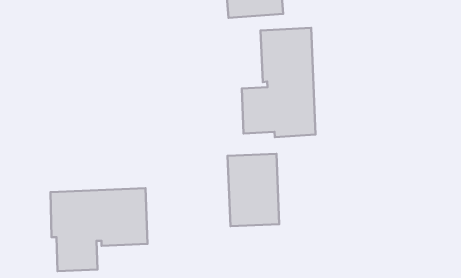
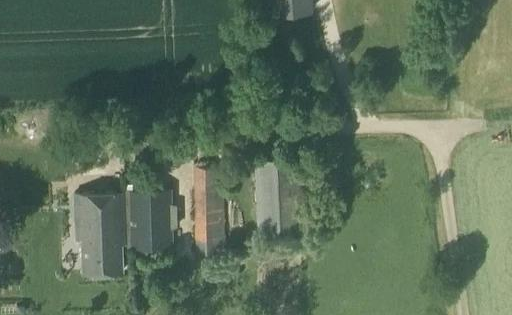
building: [242,28,316,137] -> none
building: none -> [196,169,224,244]

